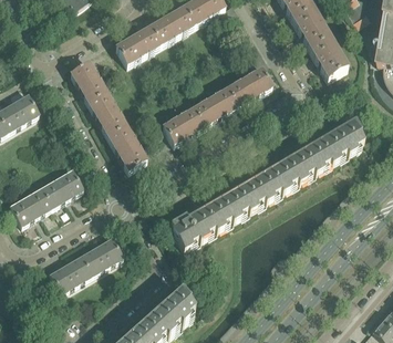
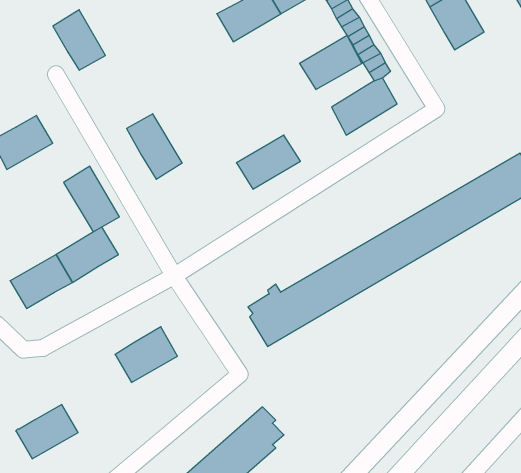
building: [116,25,161,64] -> none
building: [310,38,348,79] -> none
building: [71,62,106,103] -> [53,10,105,70]
building: [195,89,237,125] -> [300,36,362,90]
building: [108,126,146,170] -> [64,166,119,232]
building: [50,256,92,292] -> [16,405,78,459]

